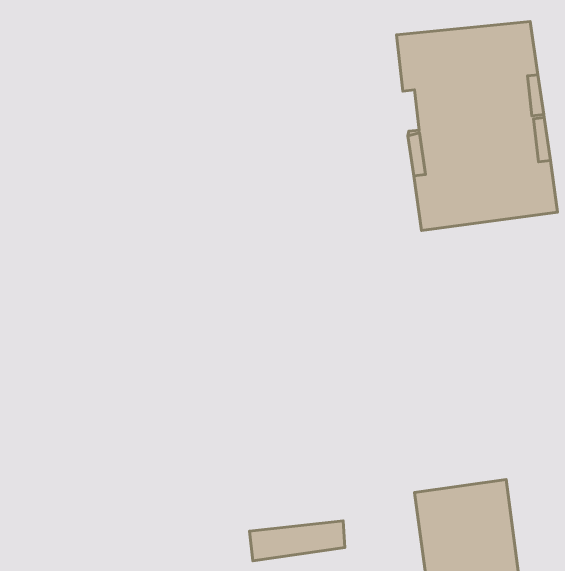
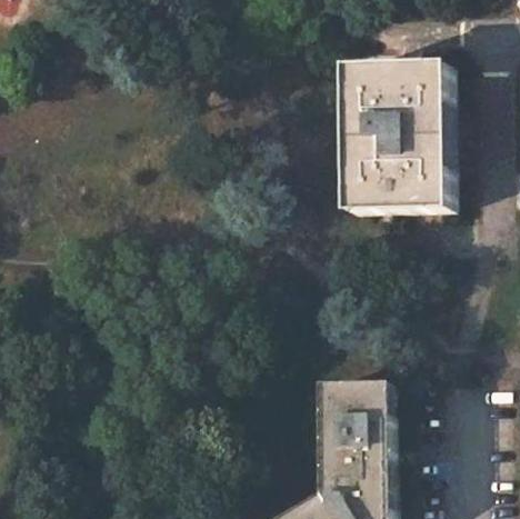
building: [250,521,345,561] -> [317,382,387,405]

